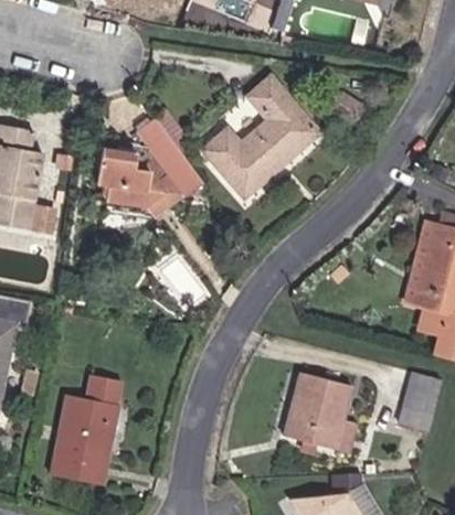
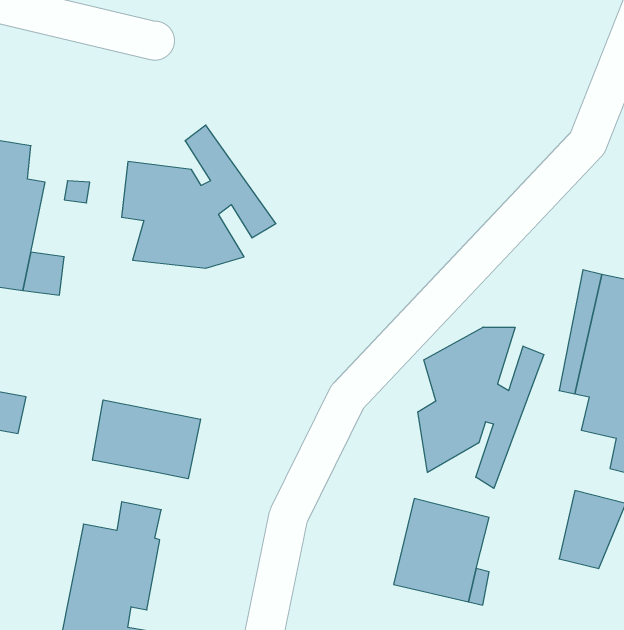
building: [200,77,320,203] -> none
building: none -> [418,327,544,488]
building: none -> [93,400,200,479]

